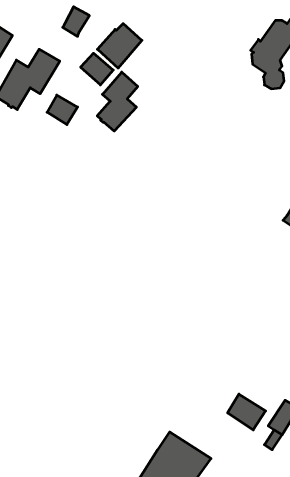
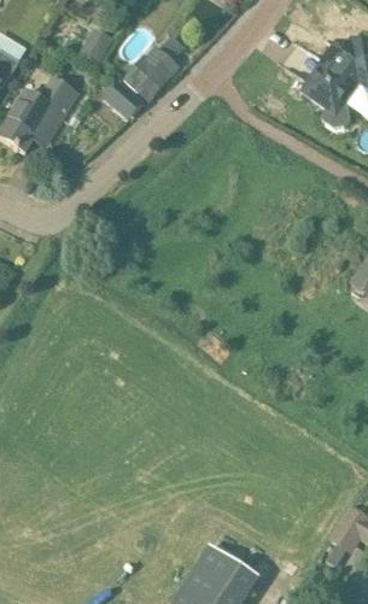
building: [97,72,138,131] -> none
building: [47,95,78,125] -> none
building: [228,394,266,430] -> none

